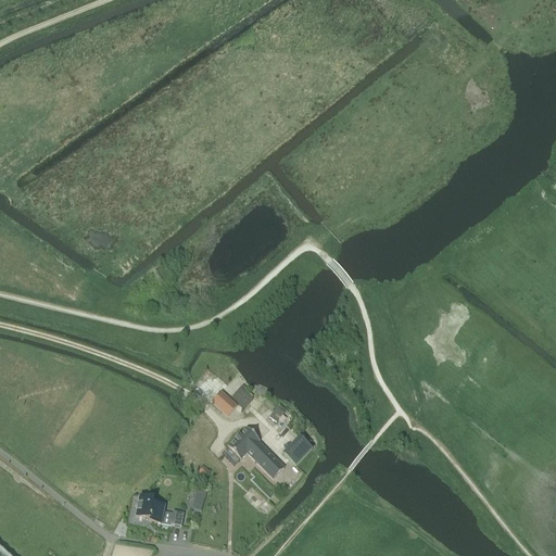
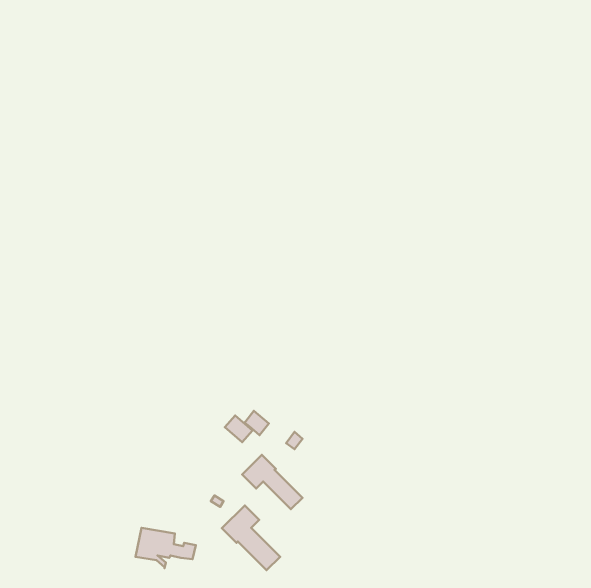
building: [283,435,313,465] -> none
building: none -> [222,505,280,570]

